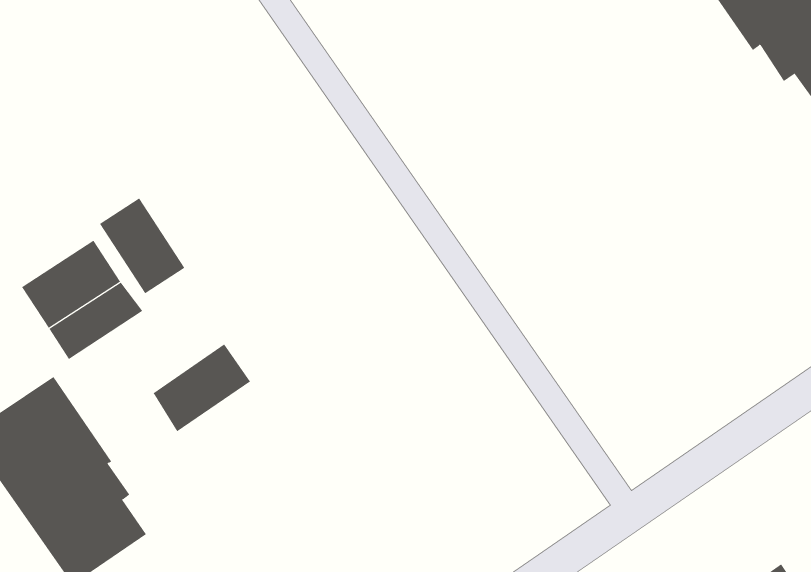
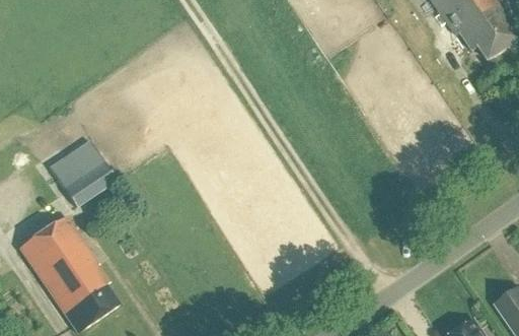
building: [99,198,185,294] -> none
building: [153,343,251,432] -> none

